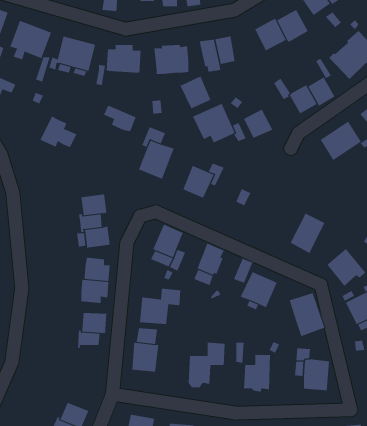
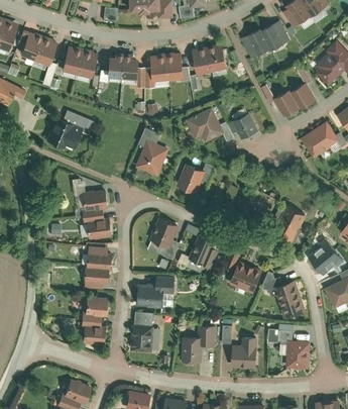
building: [180,76,211,109] -> none
building: [103,105,136,131] -> [63,111,93,135]
building: none -> [84,327,107,345]

